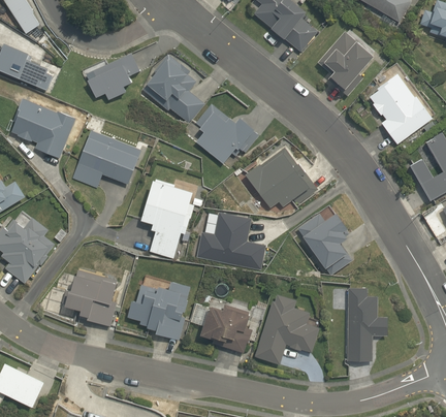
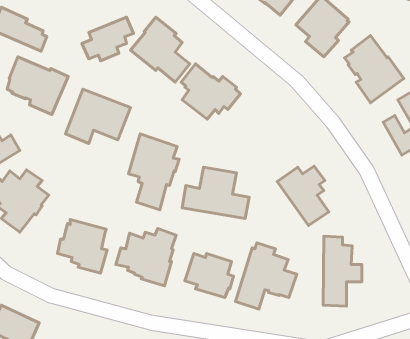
building: [245,148,318,208] -> none

